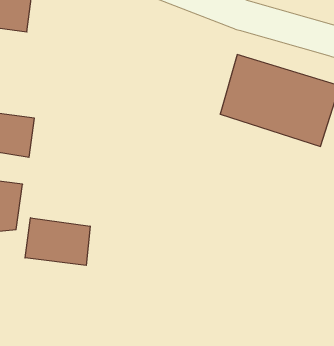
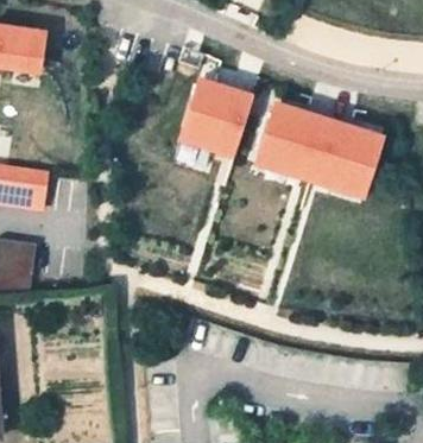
building: none -> [179,75,254,158]
building: [25,218,90,265] -> none

